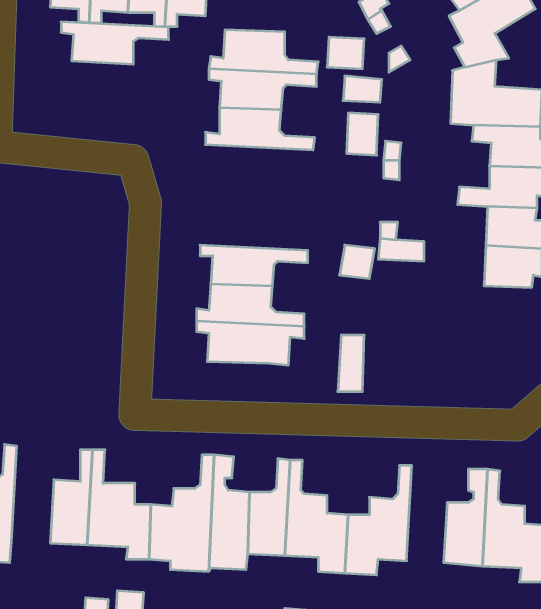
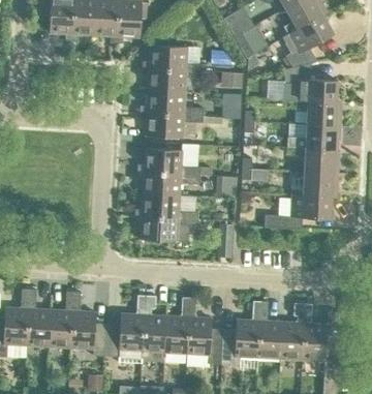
building: [61,22,169,64] -> [141,113,204,138]
building: none -> [137,149,202,175]
building: none -> [266,194,332,230]
building: none -> [27,290,52,346]
building: none -> [258,301,282,358]

